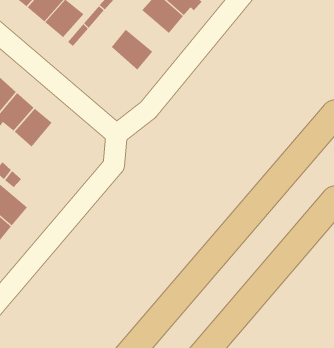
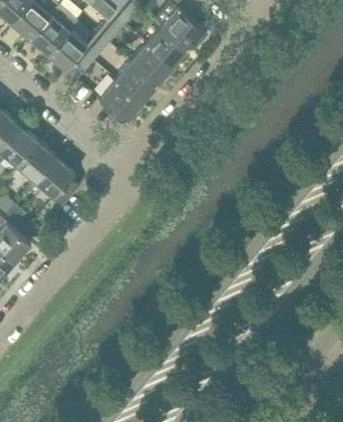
building: none -> [128,42,173,84]
building: none -> [97,79,140,122]
building: none -> [27,157,78,206]

